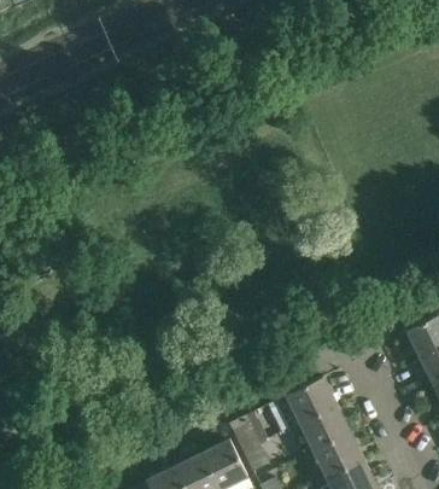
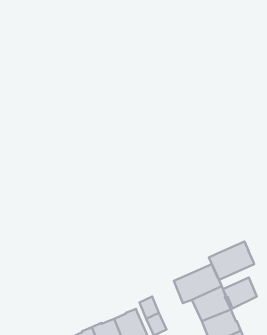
building: none -> [209,241,254,280]
building: none -> [223,278,257,308]

